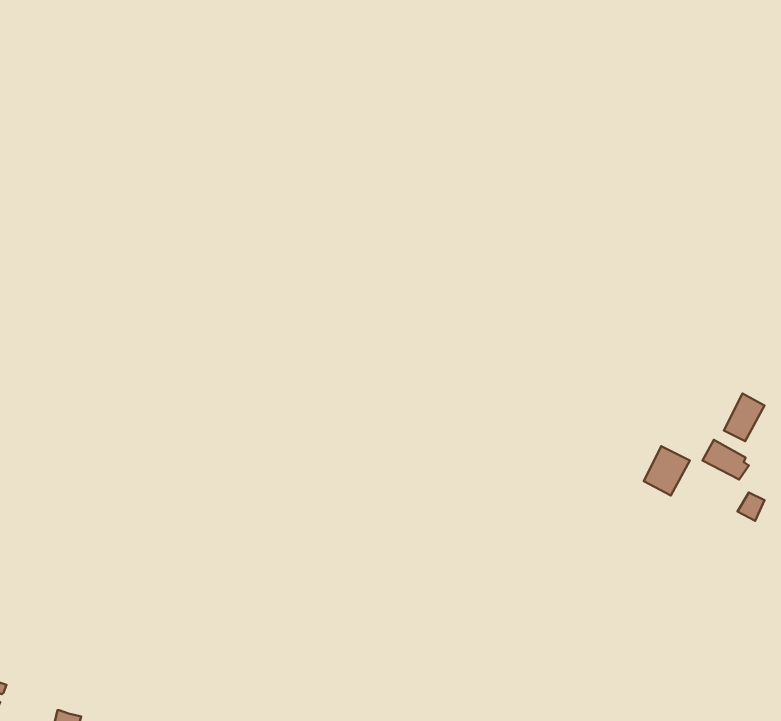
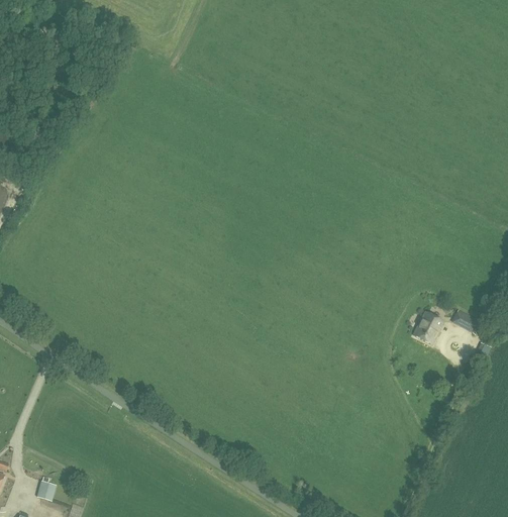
building: [724,394,764,441] -> none

